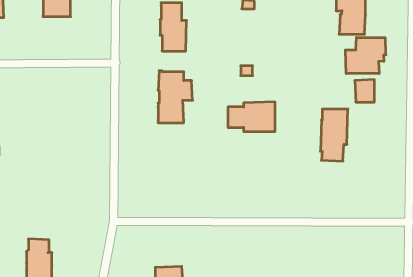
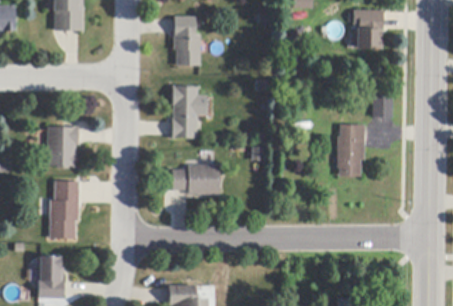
building: [345,37,386,74] -> none
building: [228,102,275,131] -> [172,164,220,194]
building: none -> [47,126,79,168]
building: none -> [49,181,79,238]

